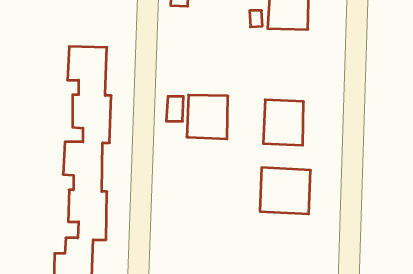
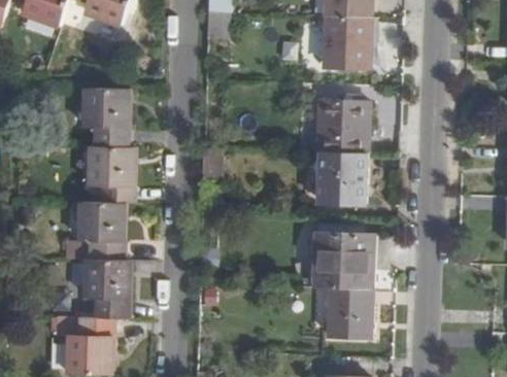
building: [187,95,228,139] -> [317,101,367,153]
building: none -> [328,286,373,338]

